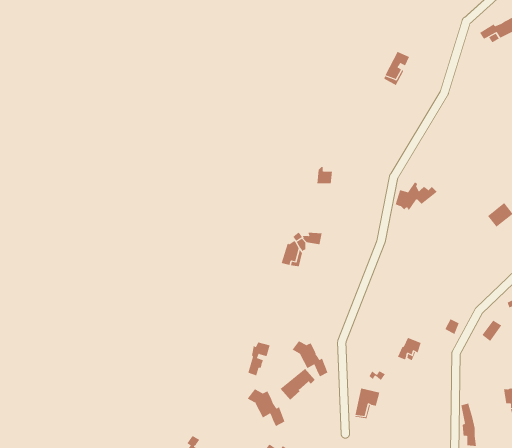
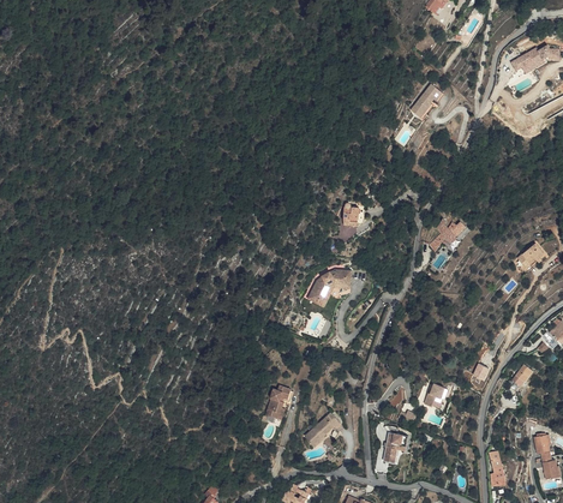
building: [292,340,328,377] -> none
building: [247,389,285,427] -> none

